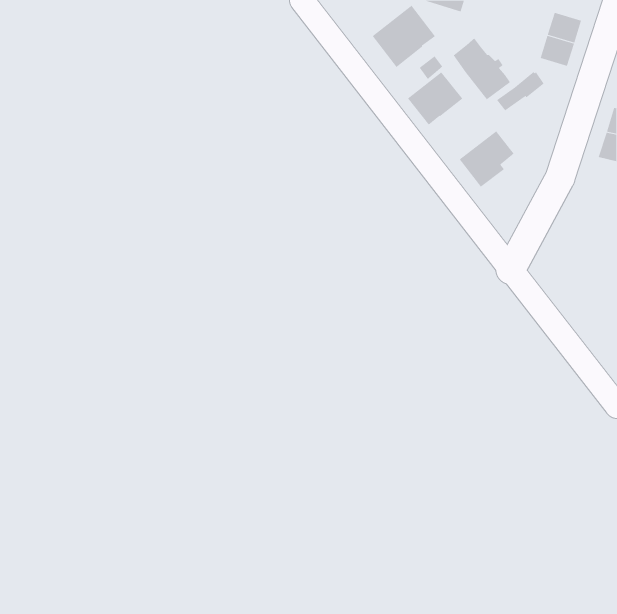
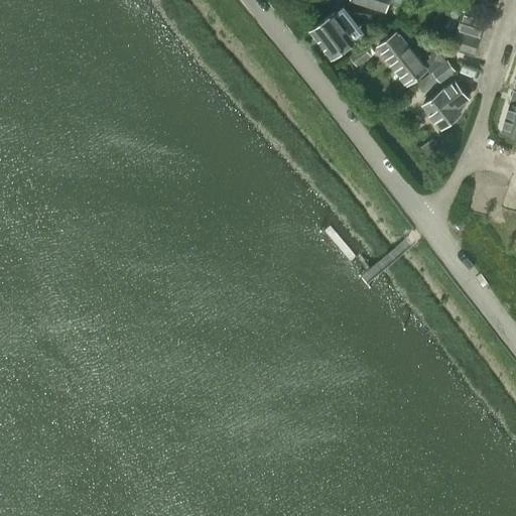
building: [407,71,463,126] -> none
building: [459,131,514,187] -> [422,83,469,130]

